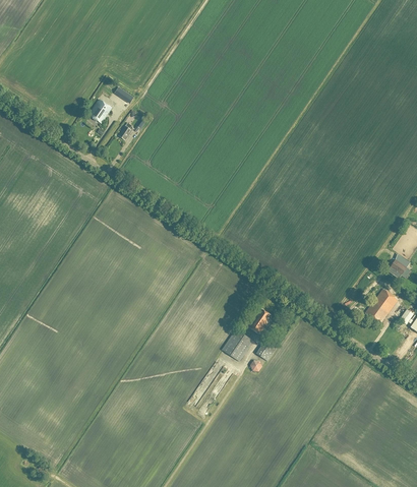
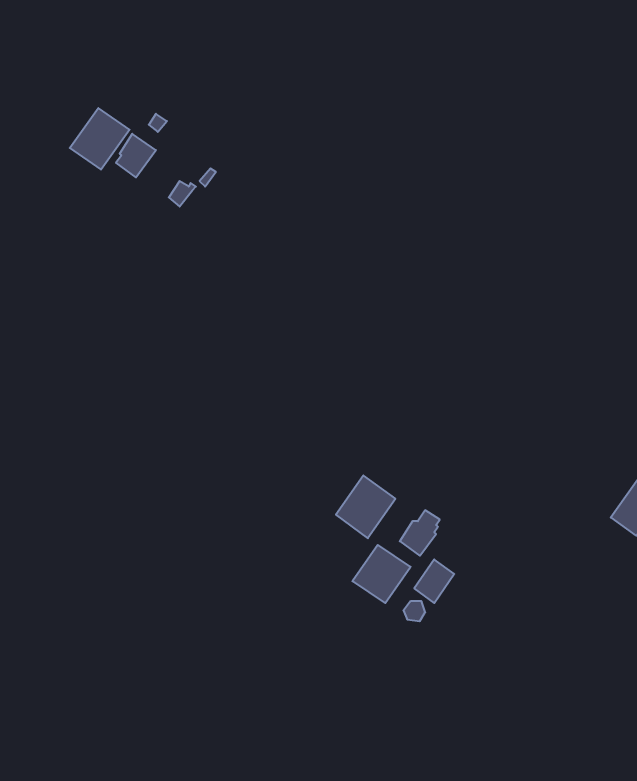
building: none -> [70,108,130,170]
building: none -> [336,475,395,538]

